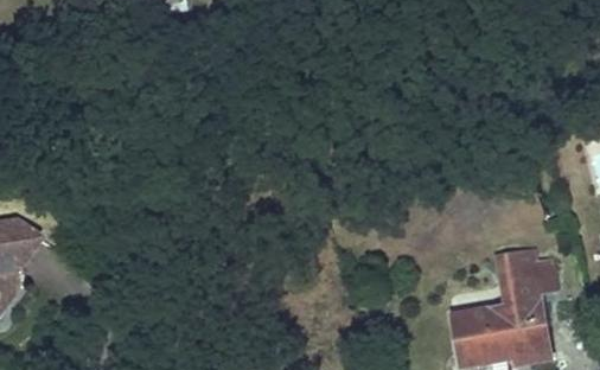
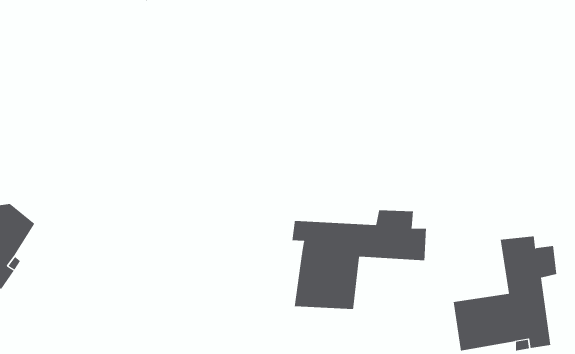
building: none -> [292,209,426,310]

